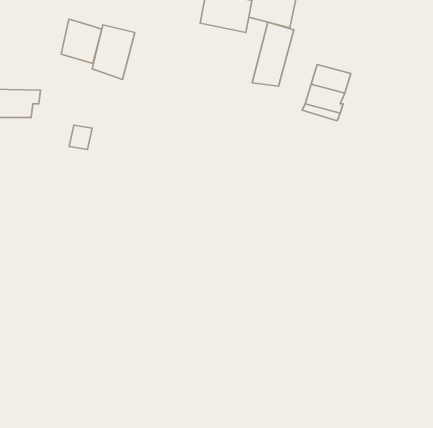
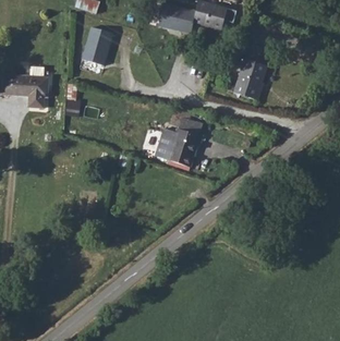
building: [61,19,102,64] -> none
building: [252,22,294,86] -> none
building: none -> [155,125,201,163]

